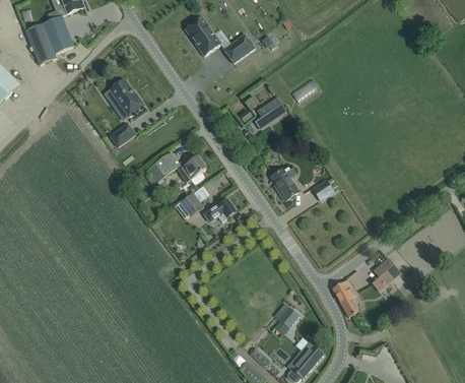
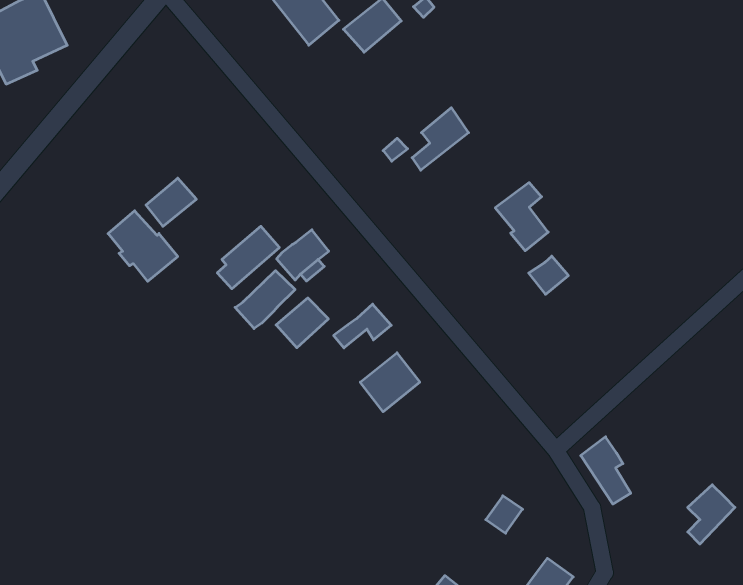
building: [109,78,145,117] -> [108,211,178,281]
building: [271,164,298,200] -> [495,183,548,251]
building: none -> [235,271,295,329]
building: none -> [360,353,420,412]
building: [373,258,399,290] -> [688,485,735,544]

